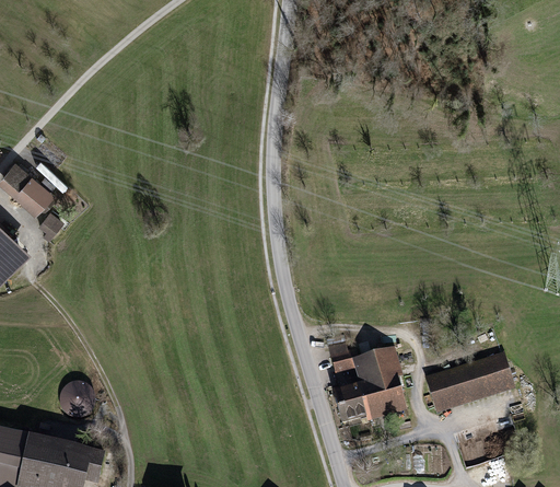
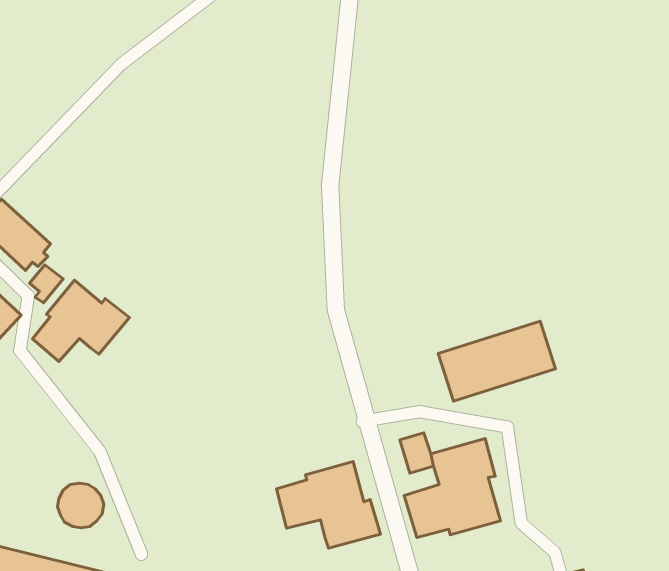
building: none -> [33,280,129,361]
building: [424,350,516,413] -> [438,321,556,401]
building: none -> [277,462,380,548]

